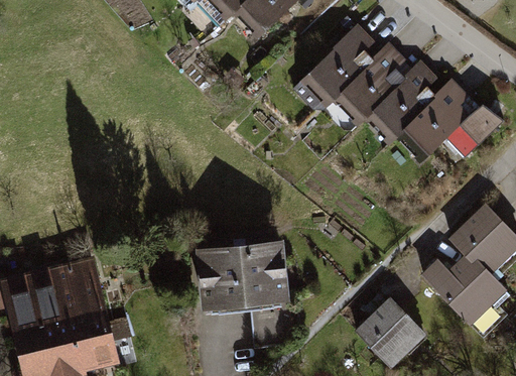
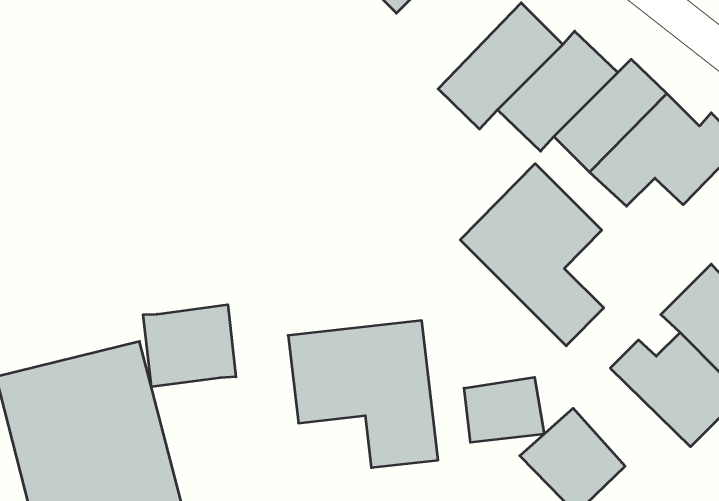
building: none -> [460,164,604,346]
building: none -> [143,305,236,387]
building: none -> [464,377,544,442]

